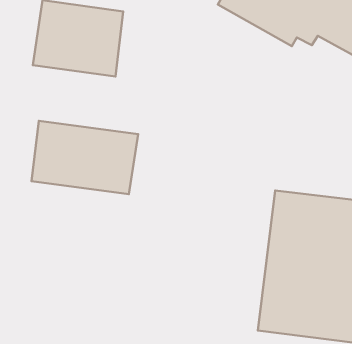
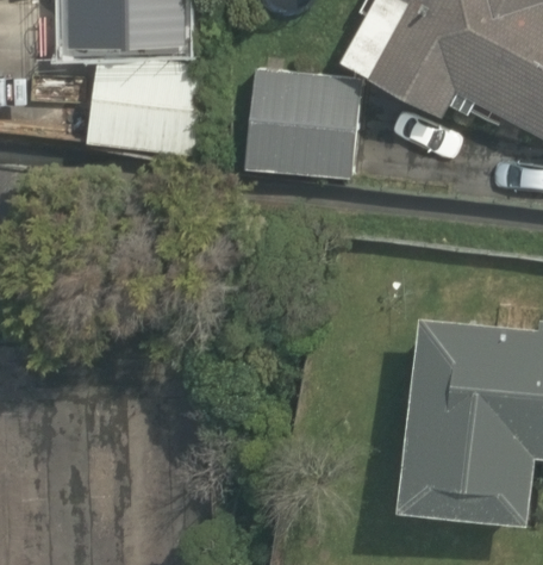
building: none -> [246,70,364,181]
building: [31,121,138,194] -> none

